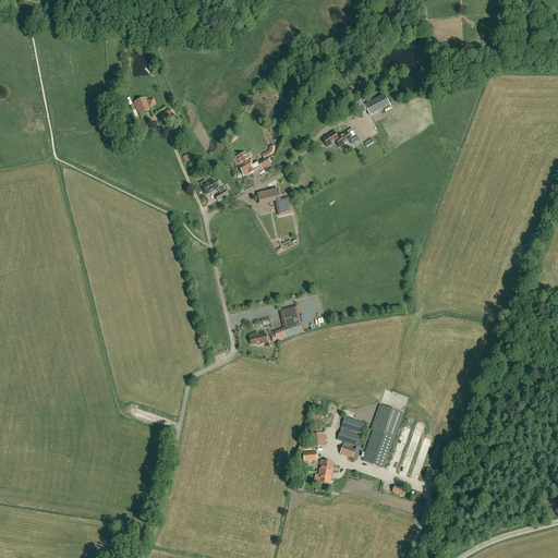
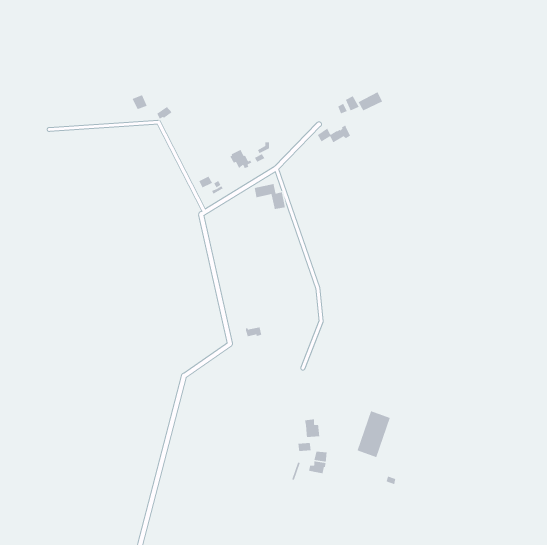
building: [275,306,302,338] -> none
building: [337,415,364,457] -> none

